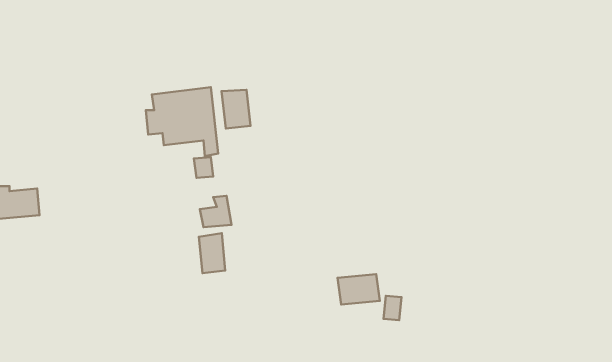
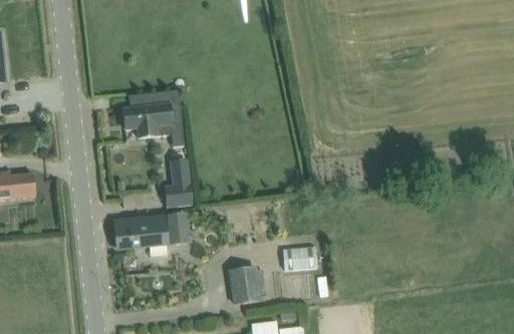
building: [222,90,250,128] -> none
building: none -> [113,216,166,249]
building: none -> [230,266,266,302]

